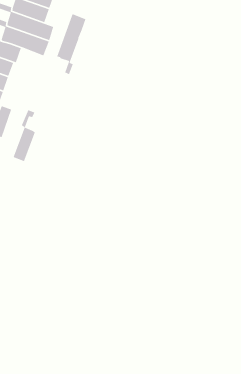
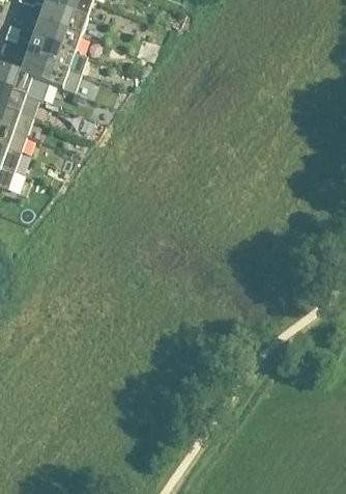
building: [56,13,87,75] -> none
building: [12,109,36,162] -> none

